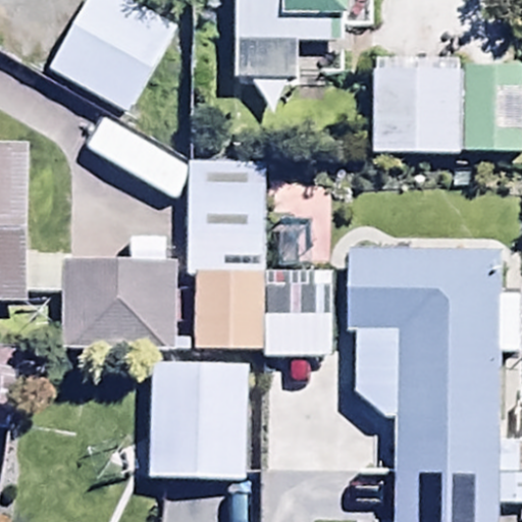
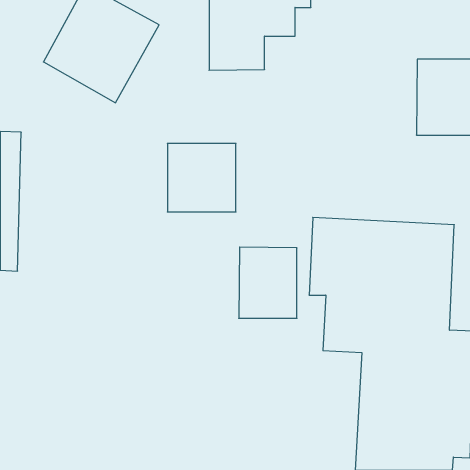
building: [375,64,463,149] -> none
building: [60,256,171,349] -> none
building: [193,272,267,351] -> none
building: [147,362,250,475] -> none

